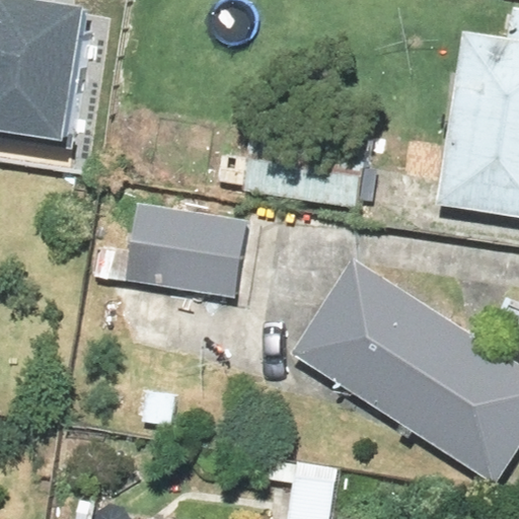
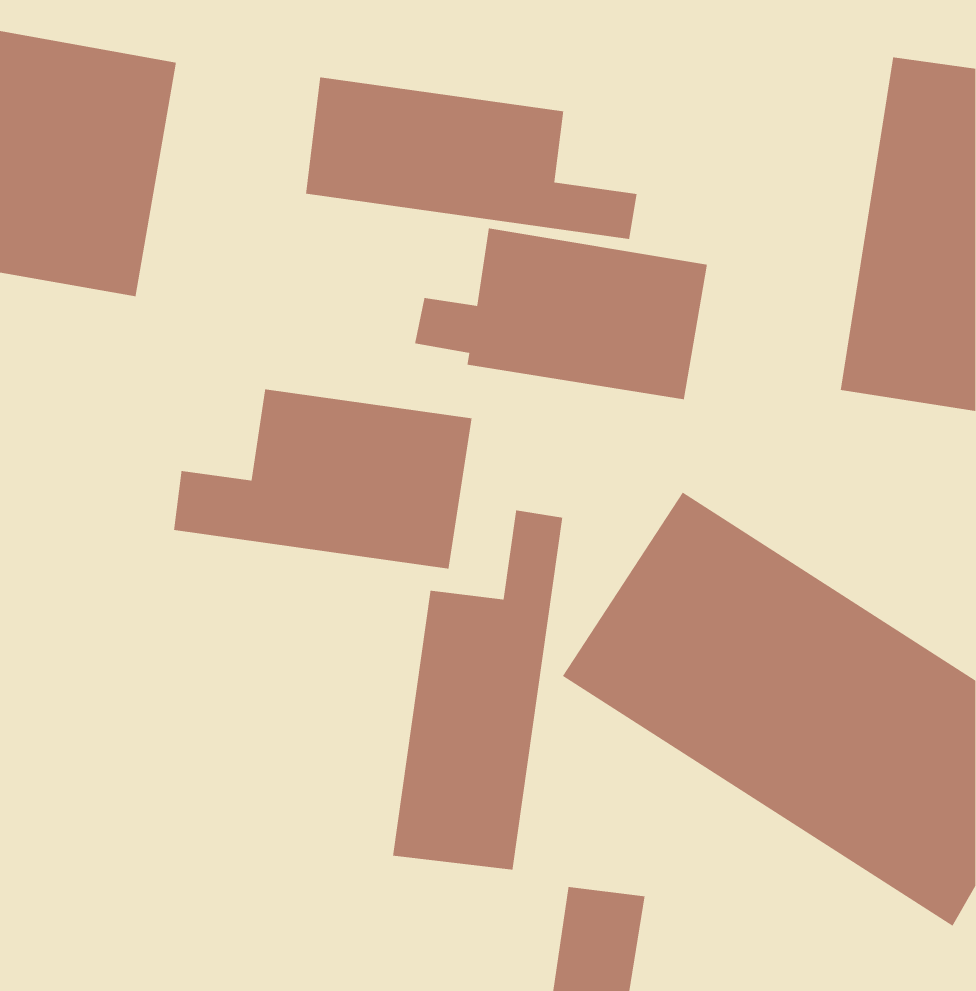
building: none -> [305,76,637,240]
building: none -> [392,509,563,871]

